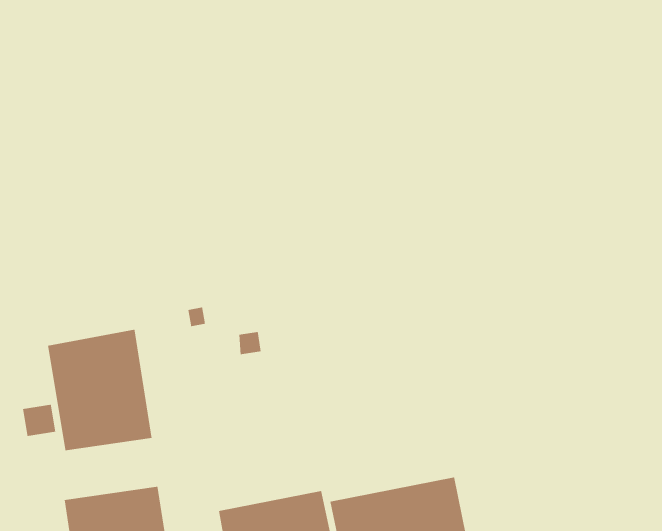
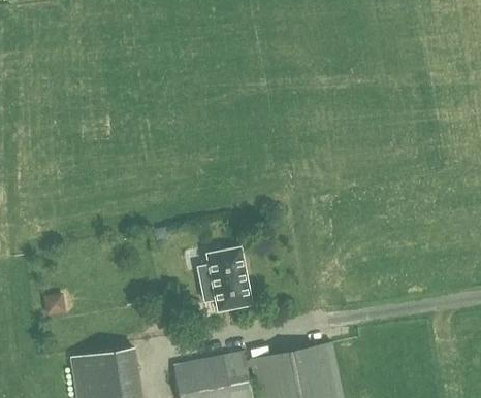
building: [48,329,152,451] -> none
building: none -> [197,247,252,311]

